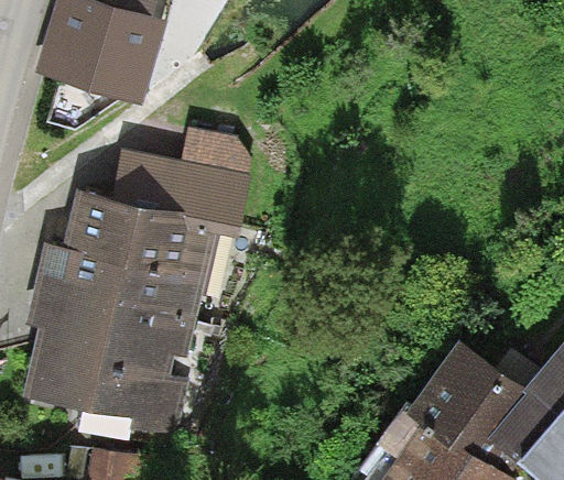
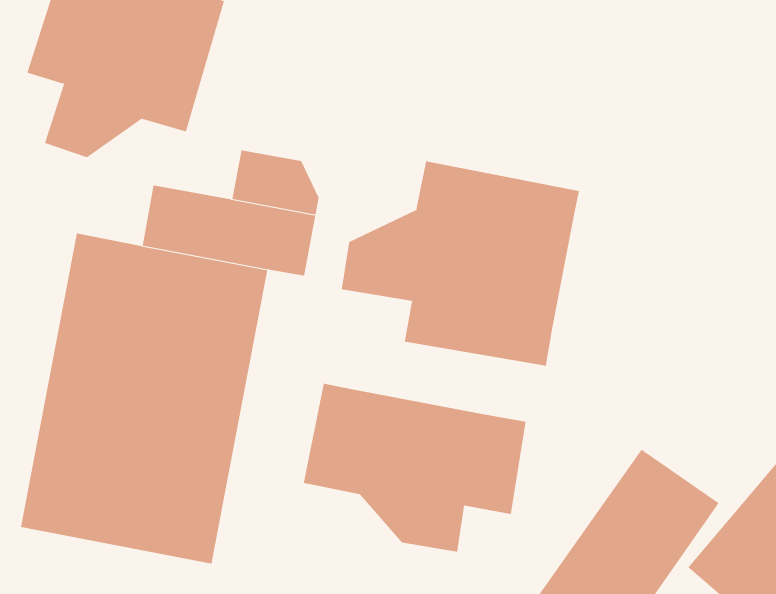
building: none -> [341,160,580,366]
building: none -> [303,383,526,553]

